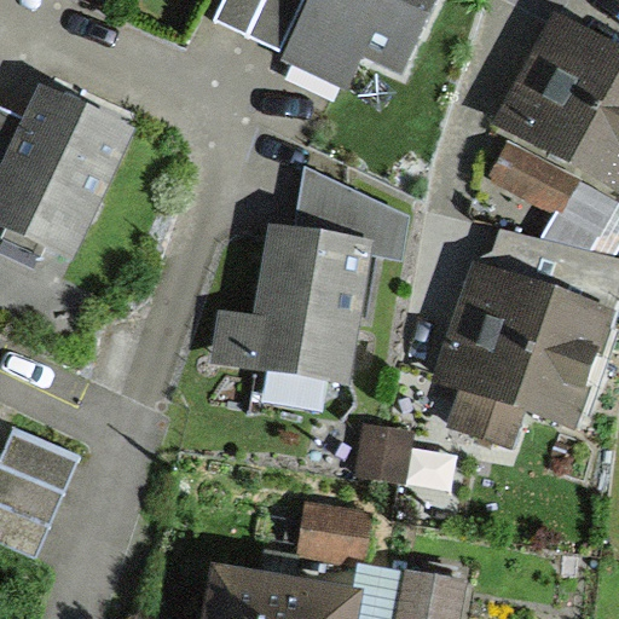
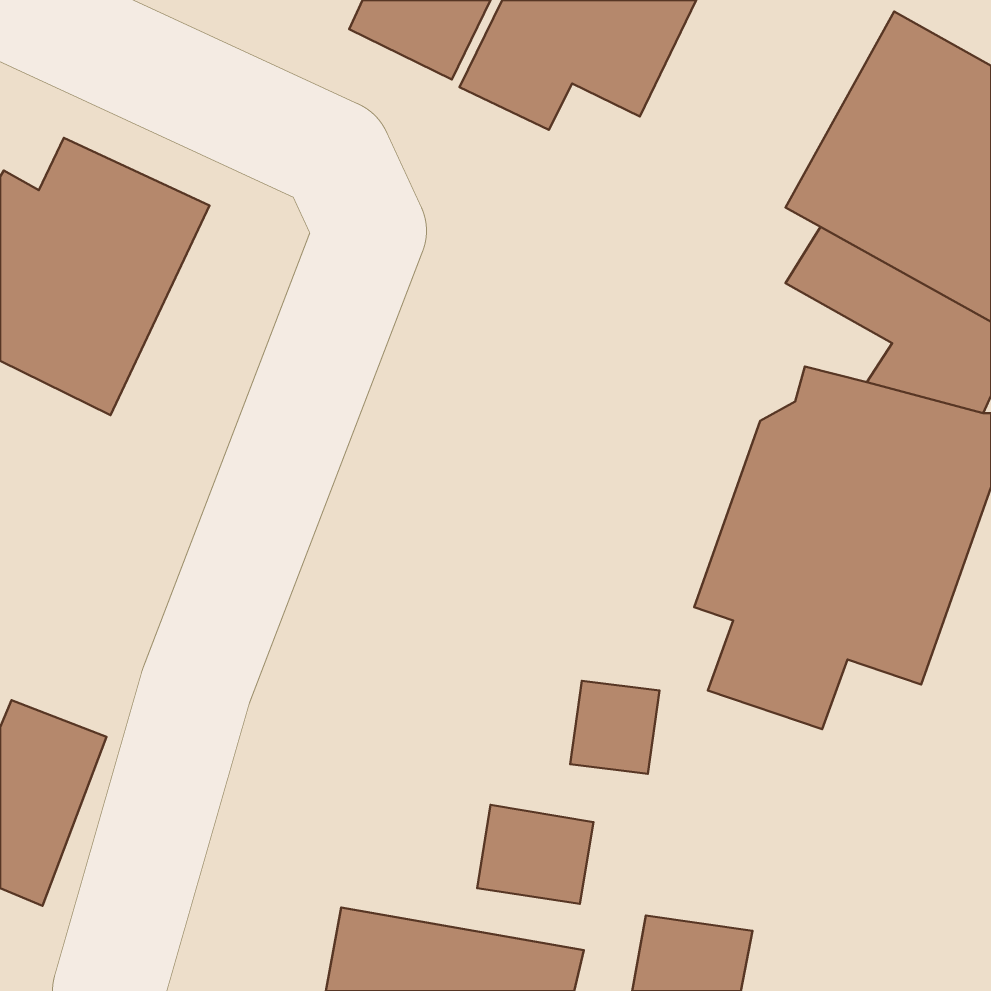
building: [213,168,410,382] -> none

